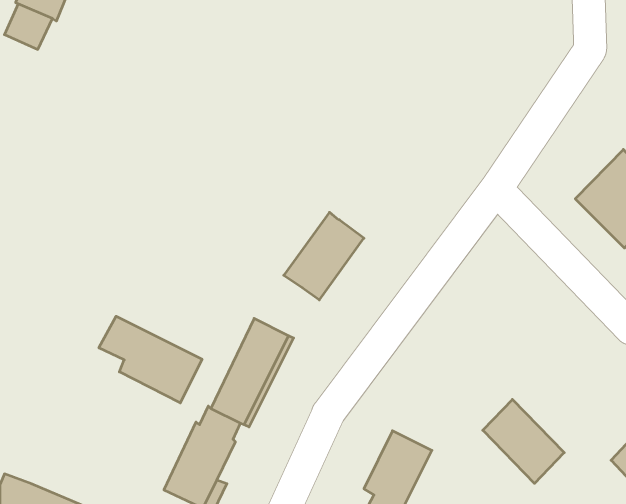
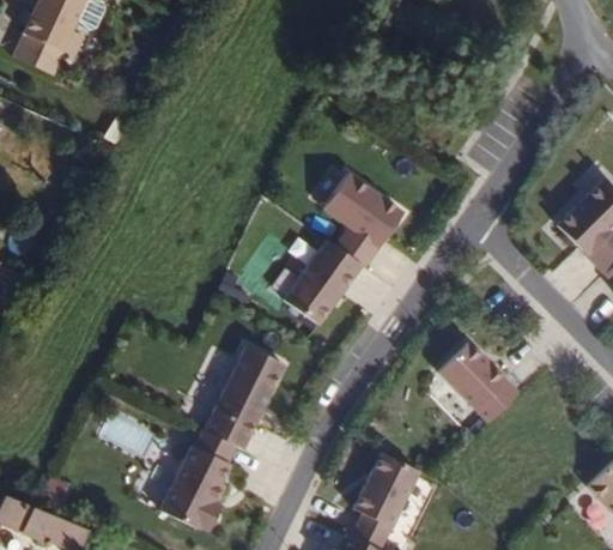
building: none -> [318,175,400,268]
building: [99,316,202,403] -> none
building: [483,399,564,483] -> [430,331,509,412]

